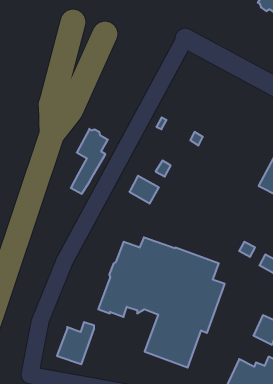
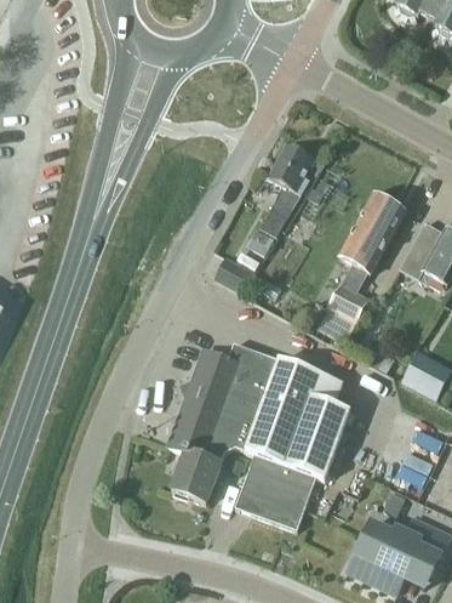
building: [71,129,108,194] -> [259,142,313,235]
building: none -> [303,190,406,347]
building: [57,322,94,364] -> [170,442,223,502]

